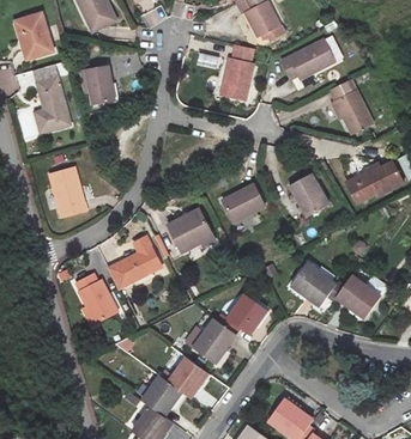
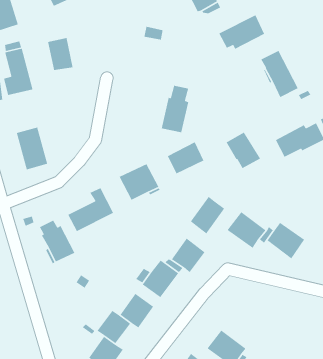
building: [220,44,253,99] -> [161,85,189,133]
building: none -> [190,196,225,234]

